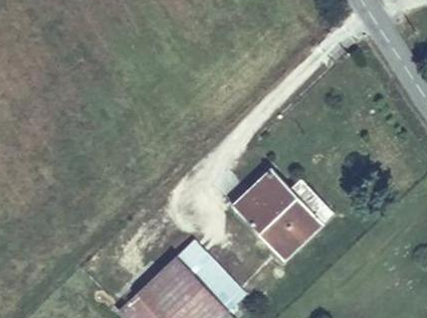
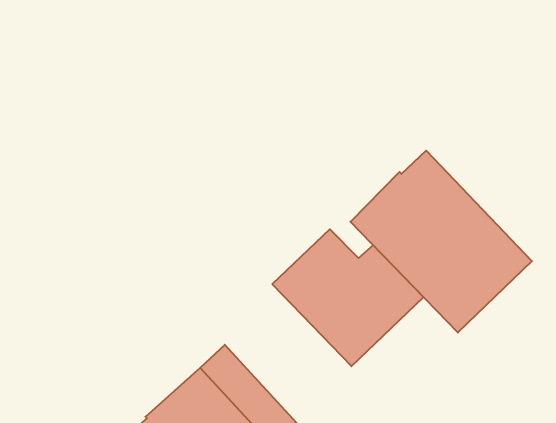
building: none -> [350,151,532,333]

